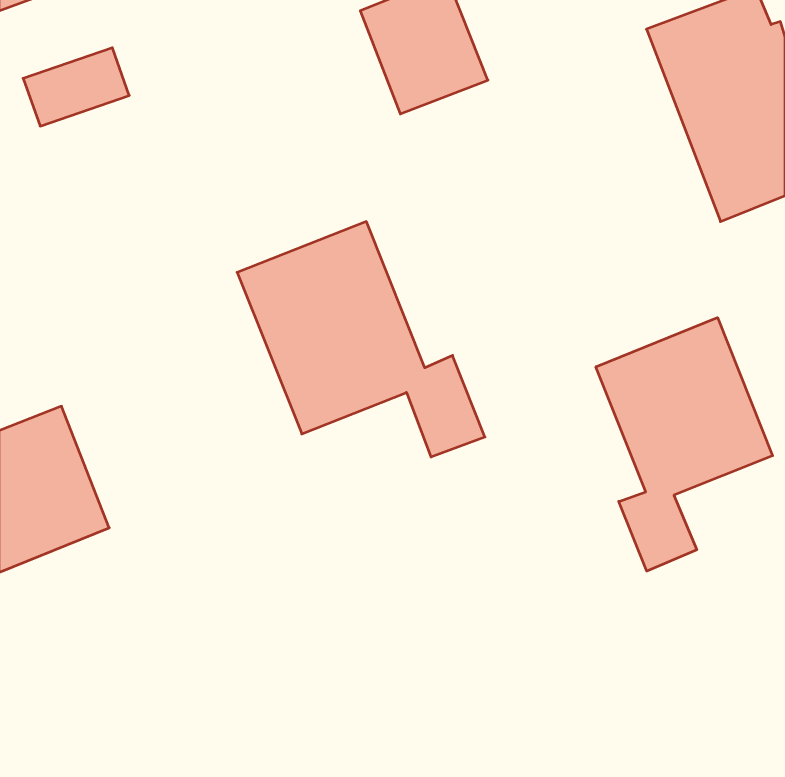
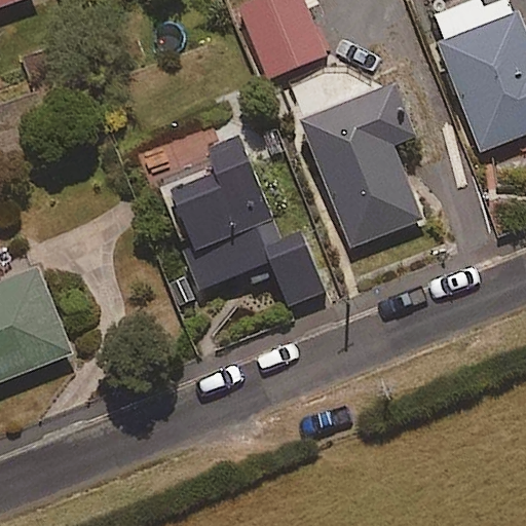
building: none -> [300,86,423,247]
building: [596,318,773,571] -> none

